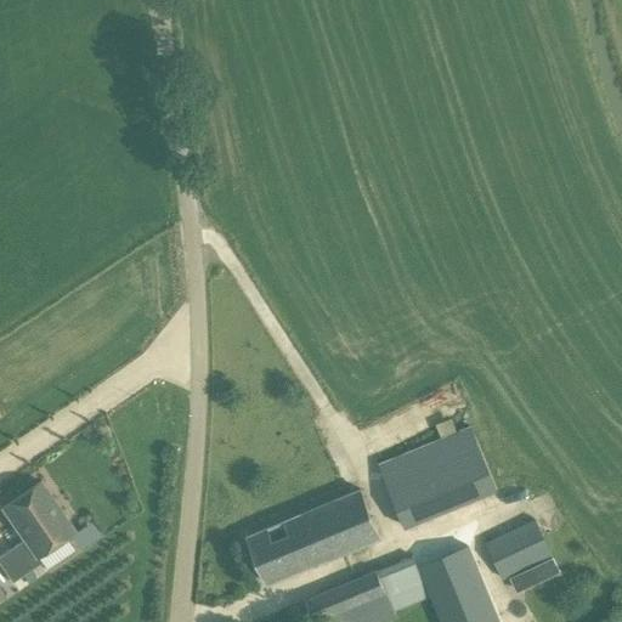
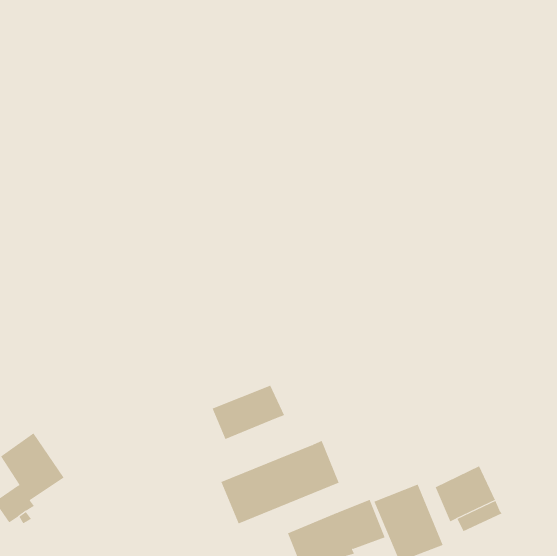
building: [378,429,494,530] -> none
building: none -> [212,385,285,440]

